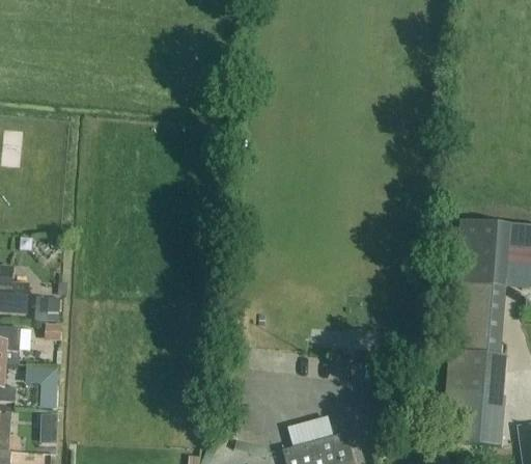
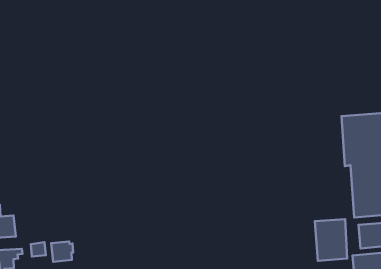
building: [34,298,62,323] -> [51,241,73,262]
building: none -> [315,219,347,261]

